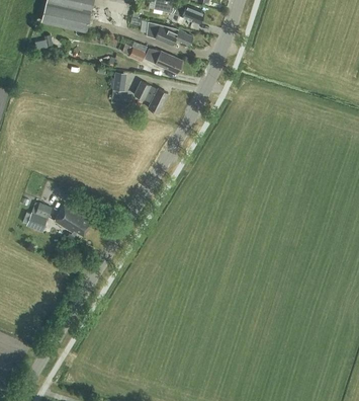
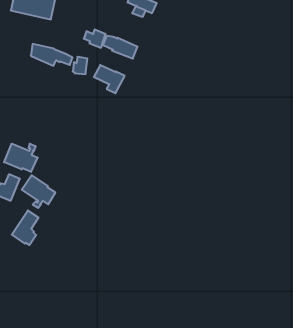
building: [147,21,193,46] -> [31,44,73,66]
building: none -> [4,144,38,172]
building: none -> [12,210,38,245]

